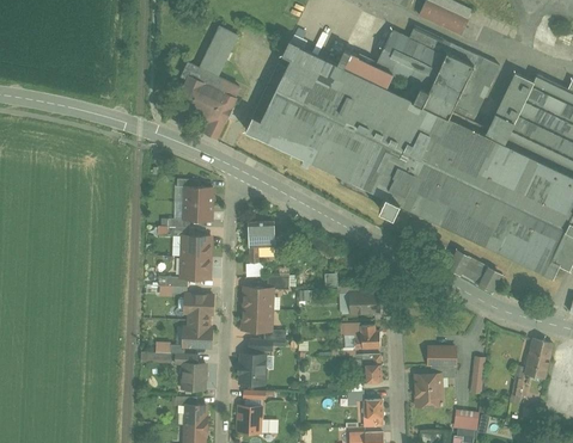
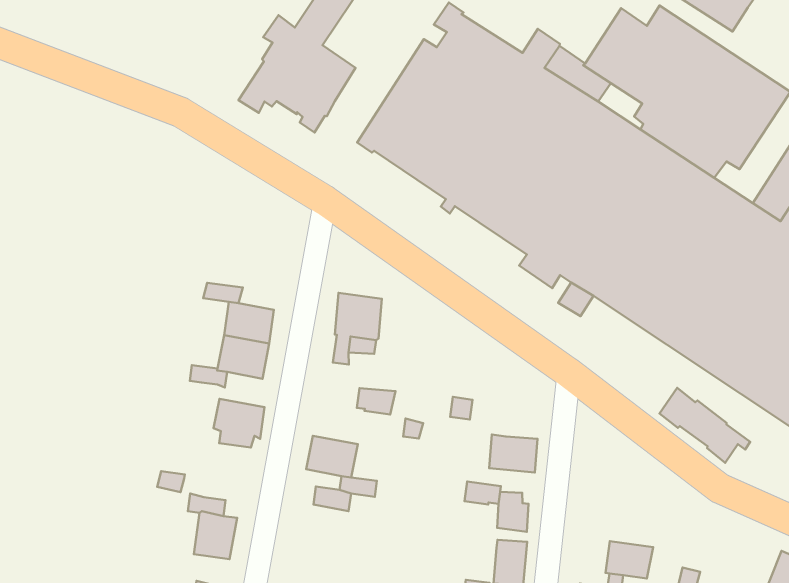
building: [183,186,212,221] -> none
building: [243,288,272,310] -> none
building: [182,321,211,347] -> none
building: [238,355,266,384] -> none

